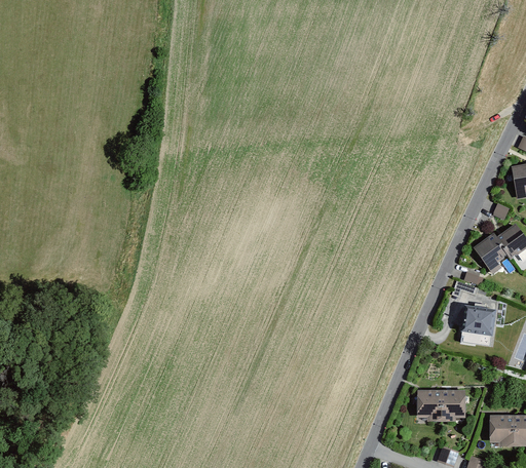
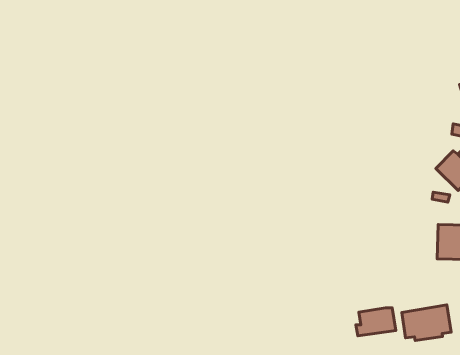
building: none -> [356,308,396,336]

